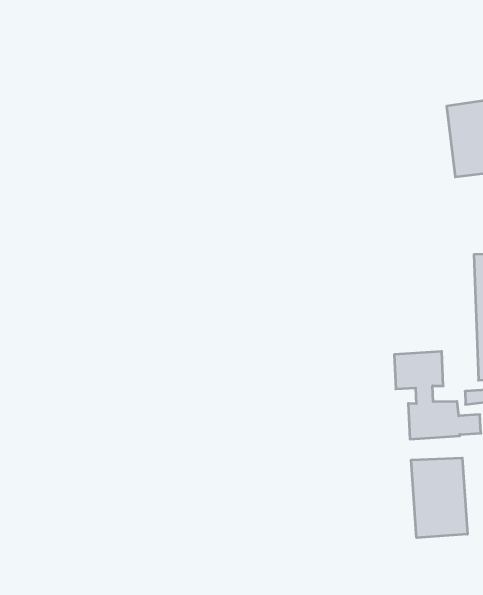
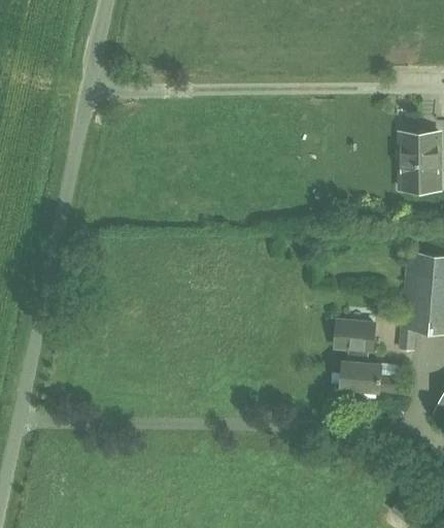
building: [411,458,467,538] -> none

